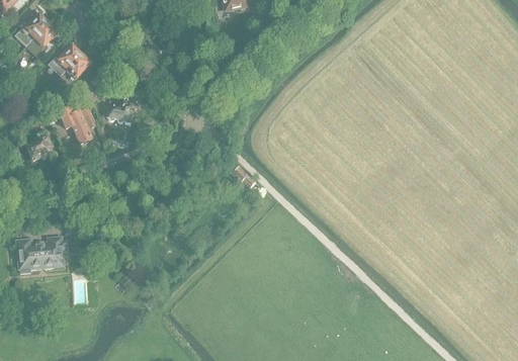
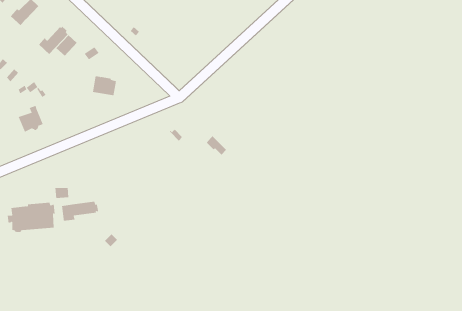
building: [24,22,57,57] -> none
building: [60,106,95,144] -> none
building: none -> [61,201,99,221]

